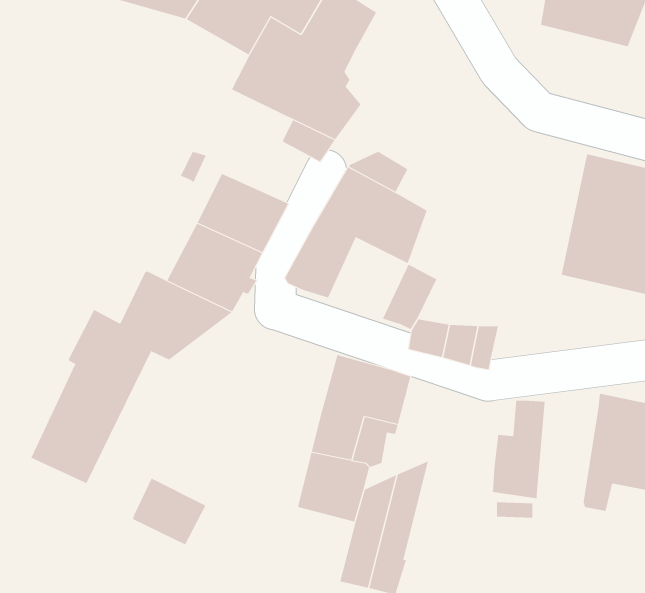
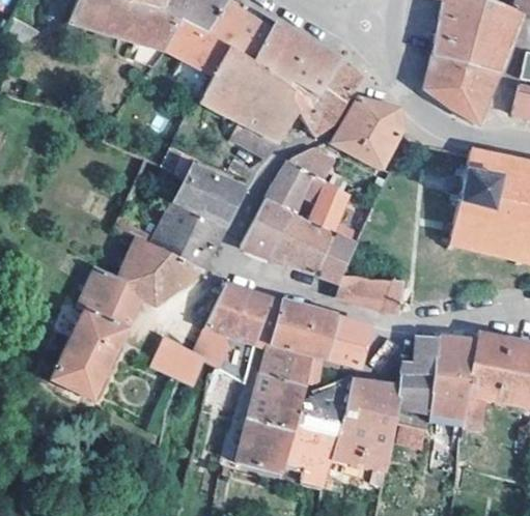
building: none -> [287,44,362,137]
building: none -> [424,53,501,124]
building: none -> [330,99,402,168]
building: none -> [275,213,335,275]
building: none -> [205,283,281,381]
building: none -> [326,318,368,369]
building: none -> [433,337,478,417]
building: none -> [332,381,399,470]
building: [132,478,206,545] -> [151,337,207,388]
building: none -> [240,417,295,472]

